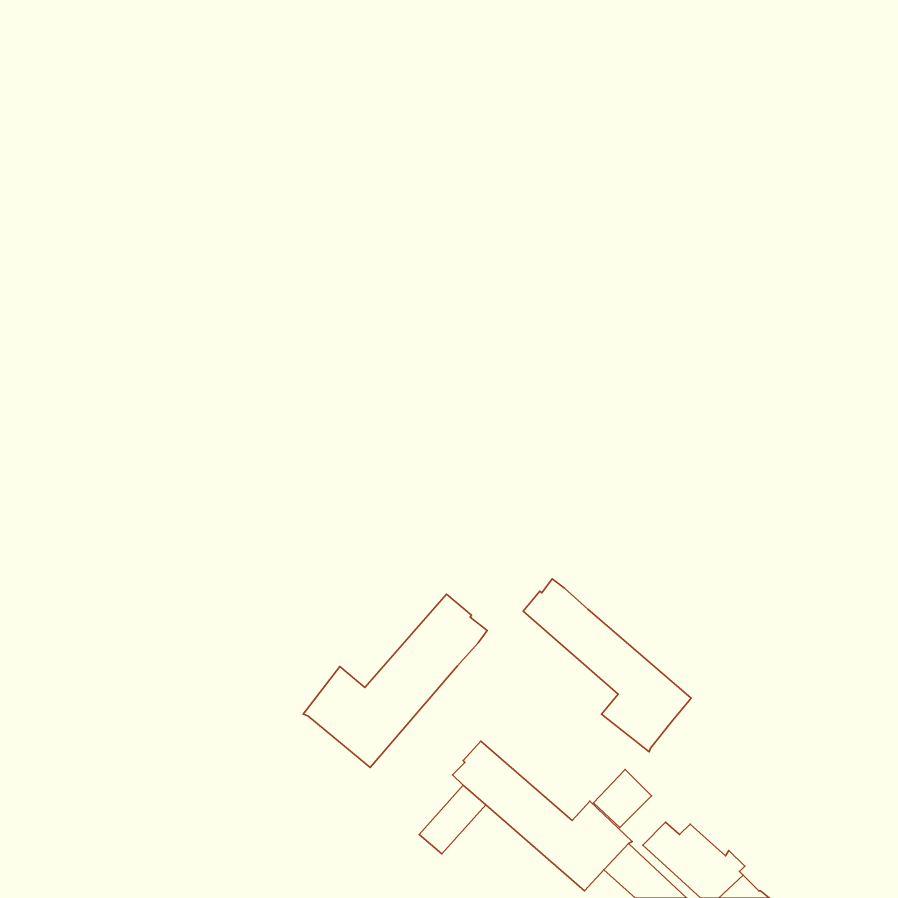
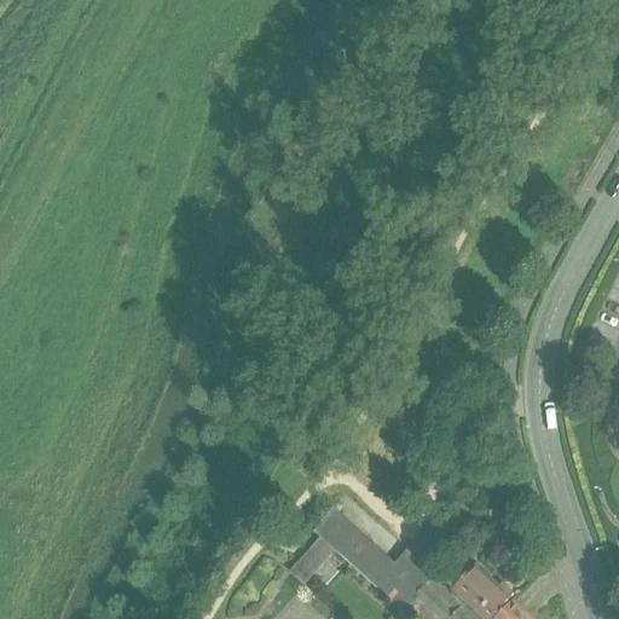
building: [523,579,691,752] -> none
building: [303,594,487,767] -> none

